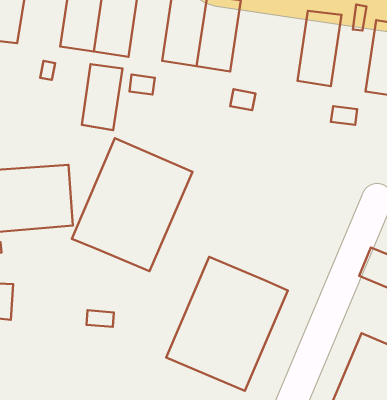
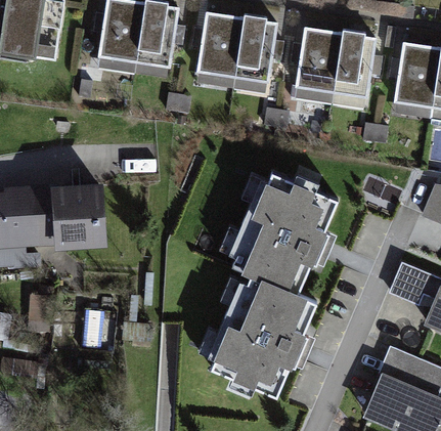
building: none -> [296,26,340,99]
building: [82,64,122,130] -> none
building: [72,138,193,271] -> [221,164,339,294]

